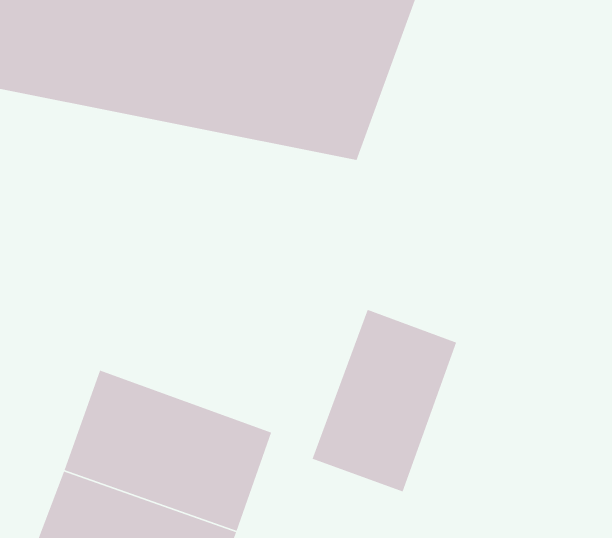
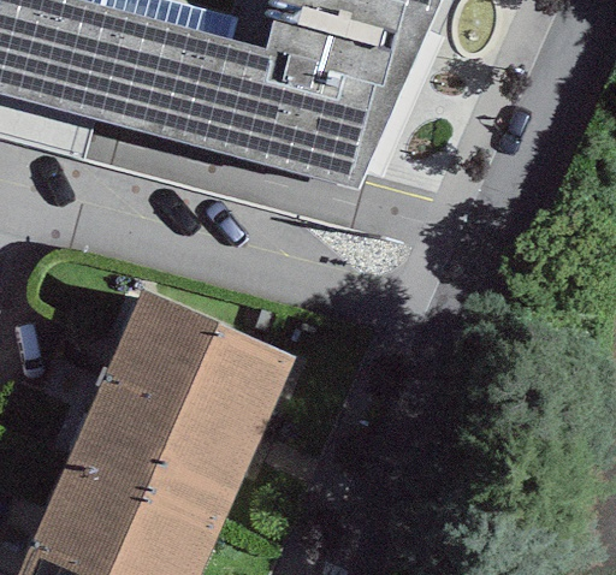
building: none -> [103,289,296,438]
building: [312,309,457,492] -> none

